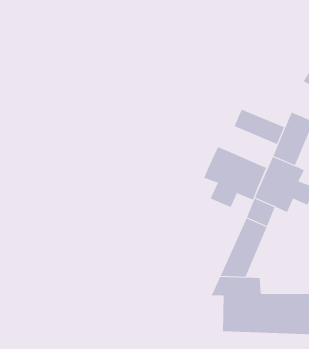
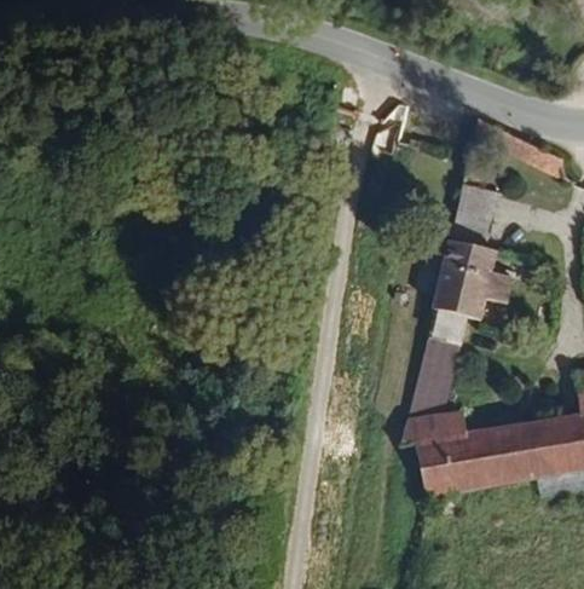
building: [234,109,285,145] -> none
building: [204,146,267,208] -> none

